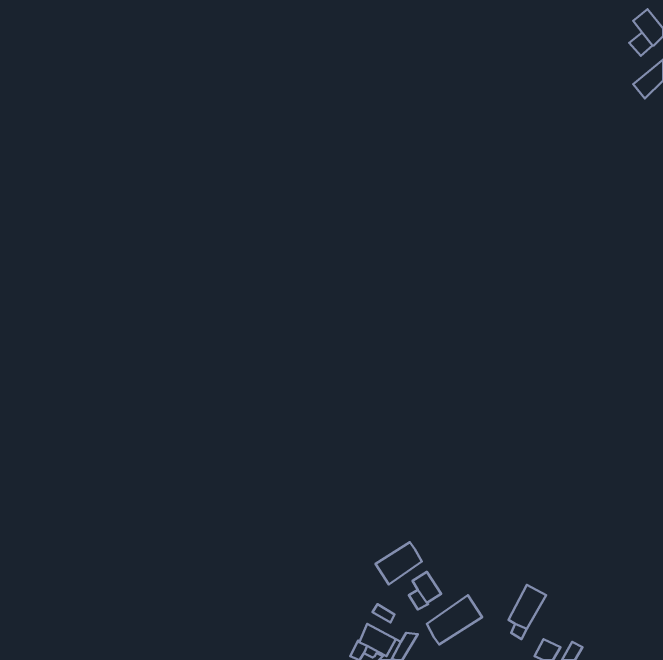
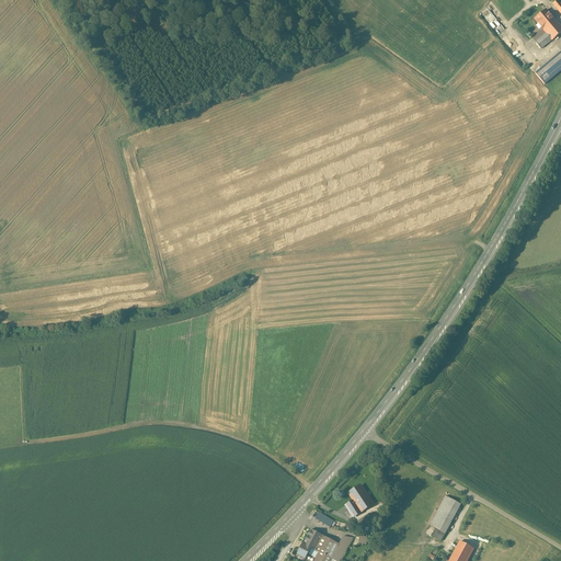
building: [375,542,422,585] -> none
building: [427,595,482,644] -> none

